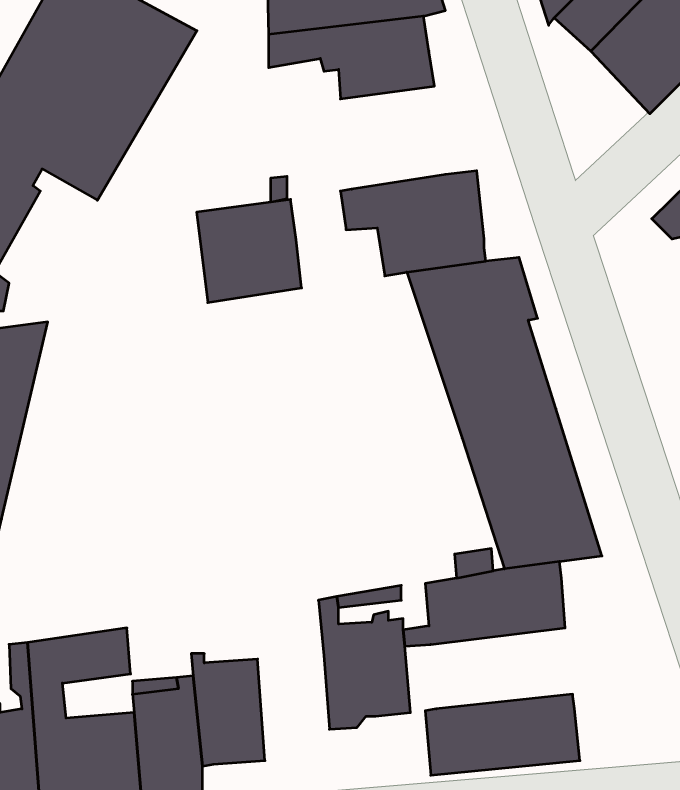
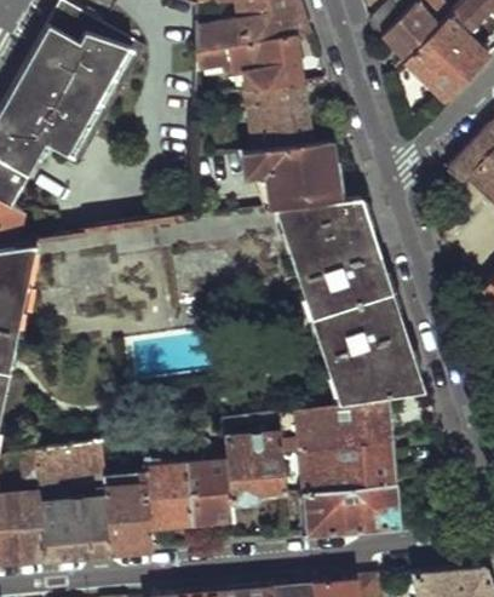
building: [197,199,302,303] -> [241,85,310,153]
building: none -> [300,441,394,494]
building: none -> [185,454,234,528]

